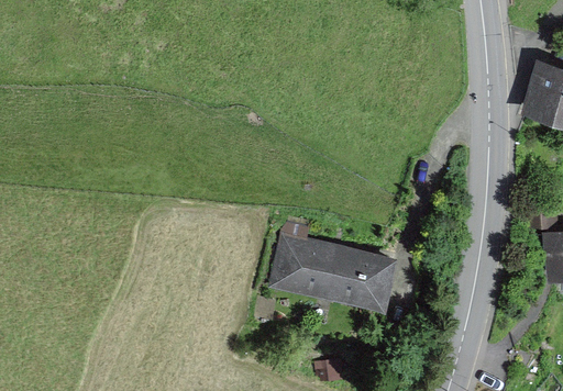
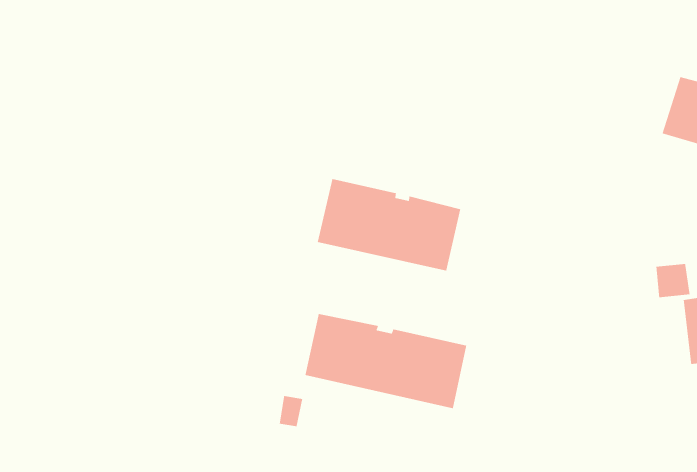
building: none -> [317,178,461,272]

